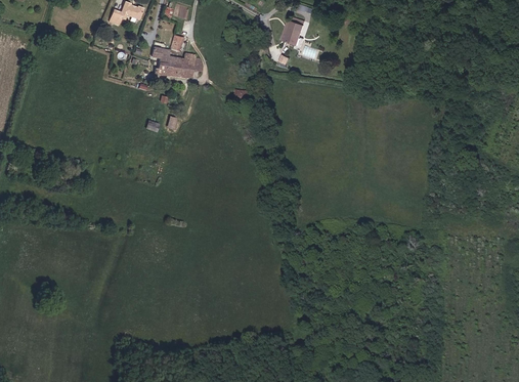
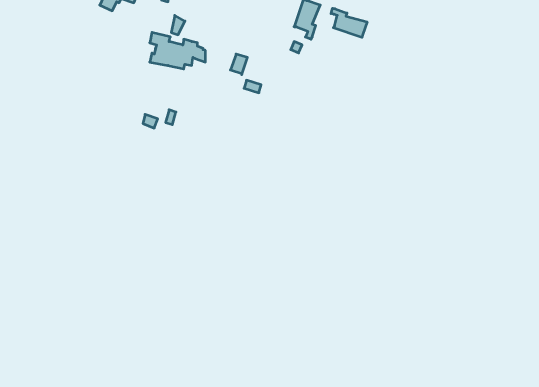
building: none -> [331,8,367,37]

